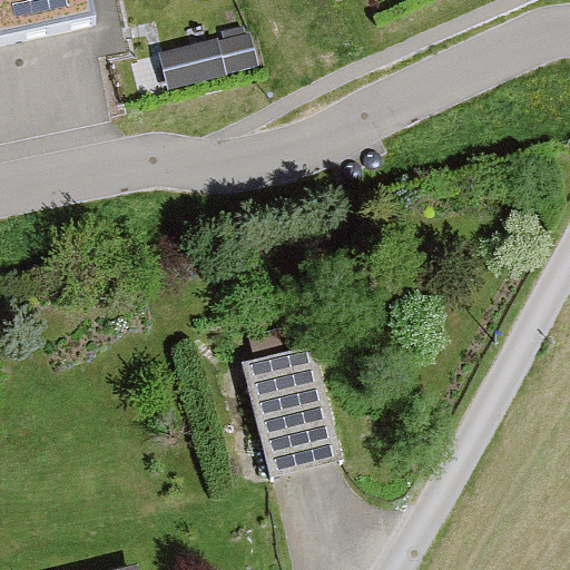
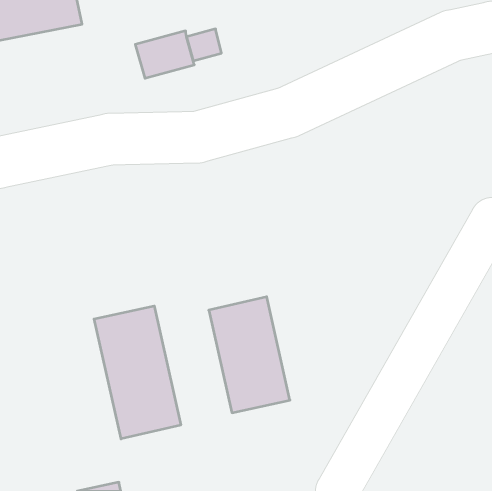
building: none -> [94,306,181,439]

